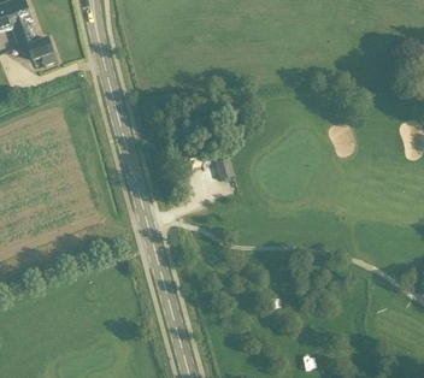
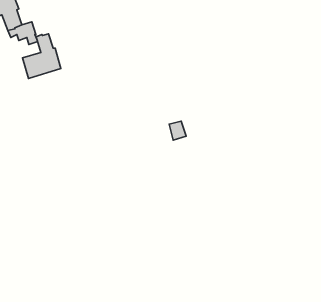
building: none -> [23,34,61,79]

